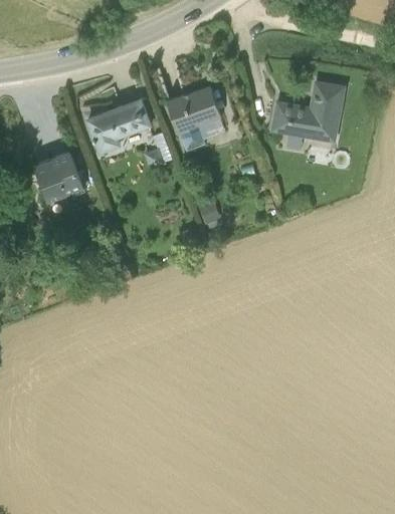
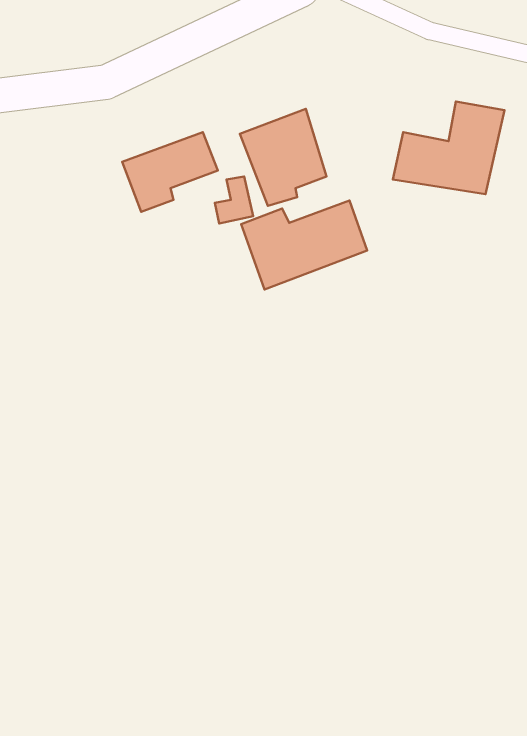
building: none -> [241,201,367,289]
building: [30,153,83,204] -> none

